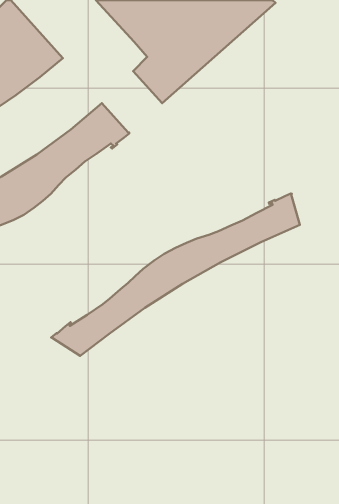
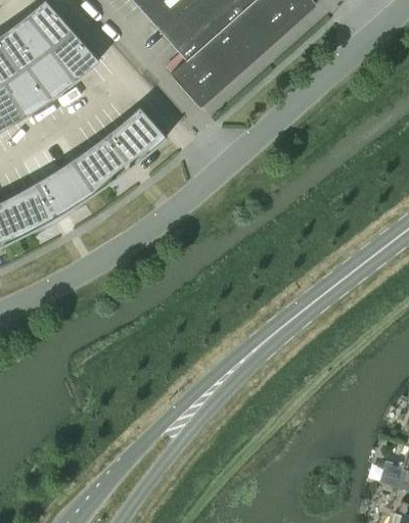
building: [51,193,300,356] -> none

